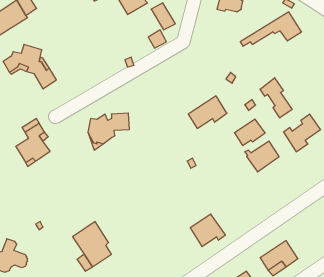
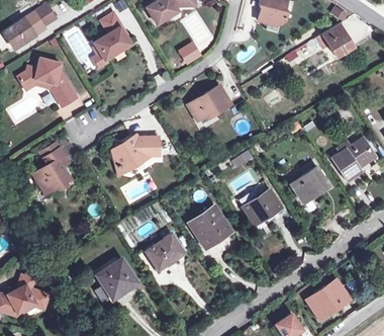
building: none -> [95,14,132,63]
building: [260,78,292,118] -> none
building: [188,96,227,128] -> [188,85,231,121]
building: [234,119,265,145] -> [244,191,278,221]
building: none -> [147,235,184,269]
building: [190,214,225,247] -> [190,207,229,244]

